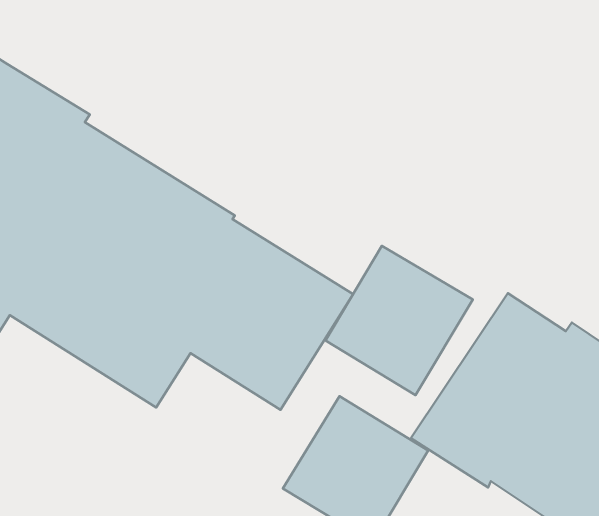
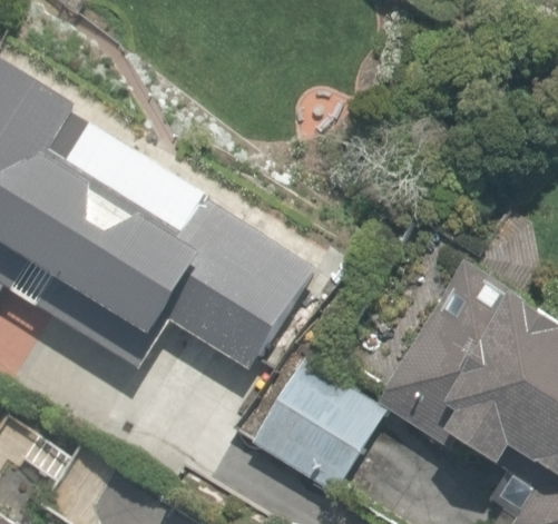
building: [325,246,473,395] -> none

